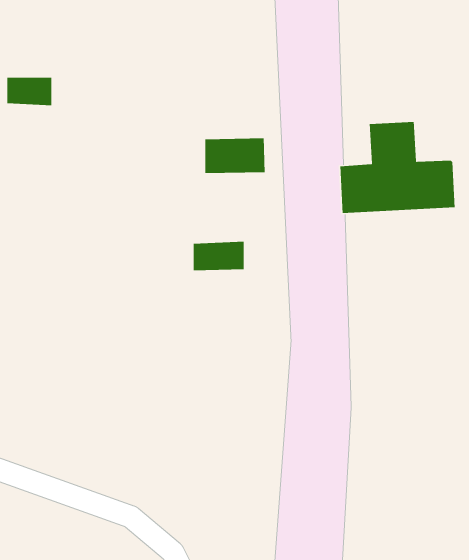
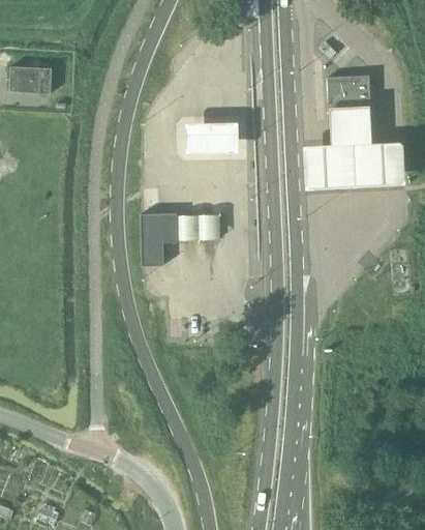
building: none -> [328,76,370,110]
building: none -> [140,210,175,264]

